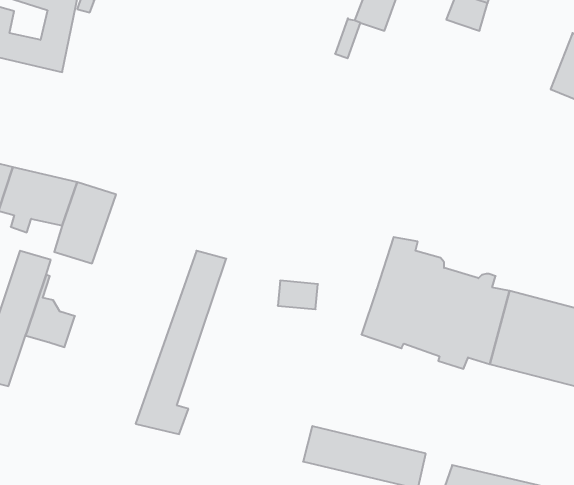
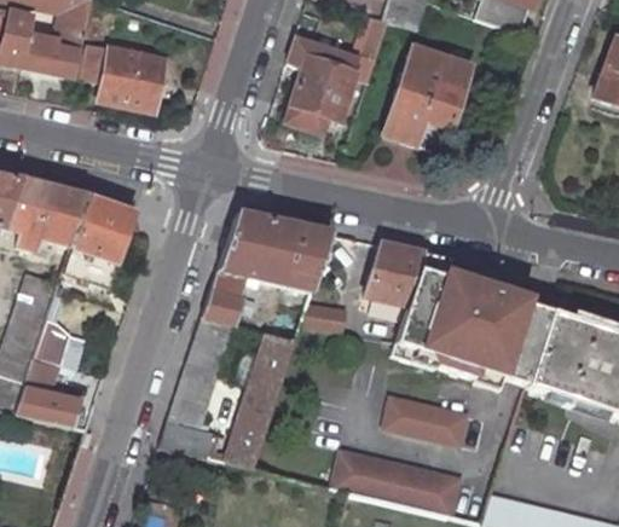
building: none -> [82,40,166,110]
building: none -> [283,48,357,132]
building: none -> [378,48,468,155]
building: none -> [219,210,331,286]
building: none -> [364,242,427,307]
building: none -> [225,329,293,464]
building: none -> [19,355,87,427]
building: none -> [386,396,468,445]

